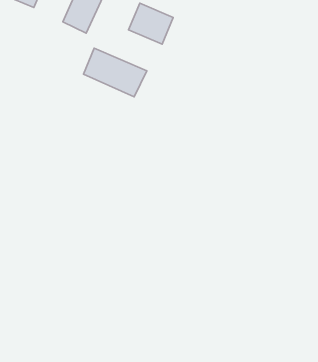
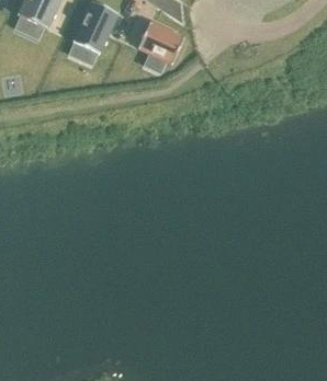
building: [83,48,147,97] -> none

